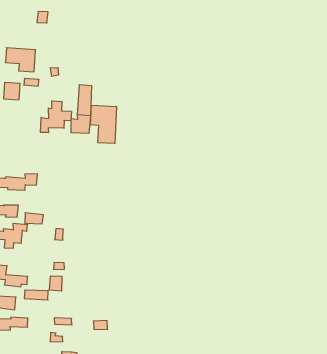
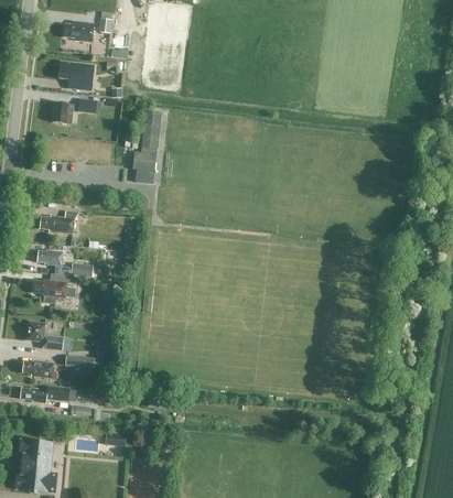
building: none -> [64,21,94,41]
building: [41,101,71,133] -> none
building: [90,105,116,144] -> none

